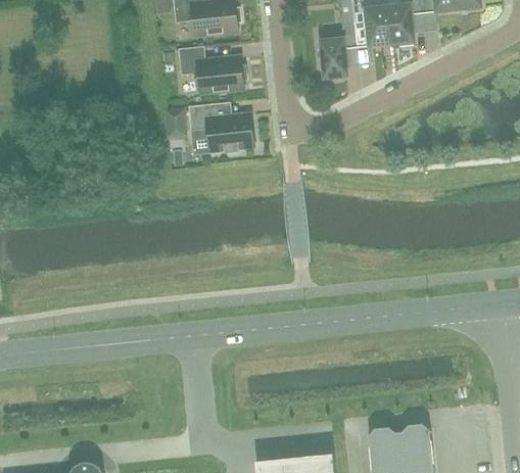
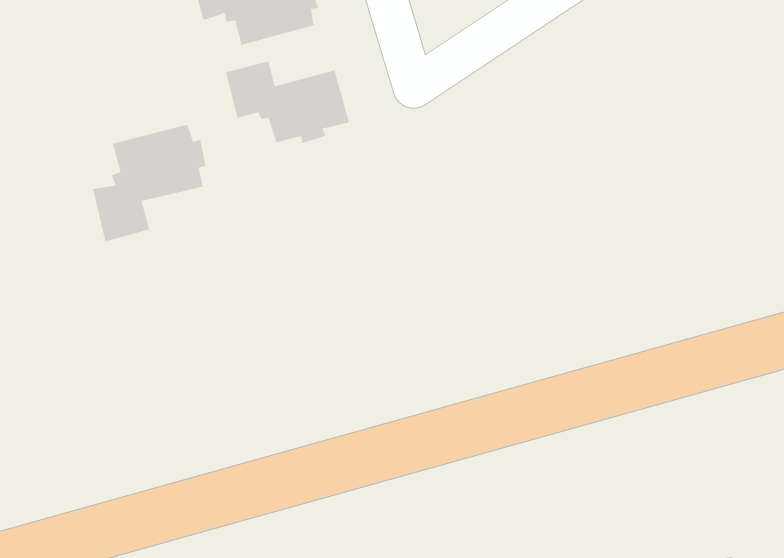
building: none -> [93,124,206,242]

